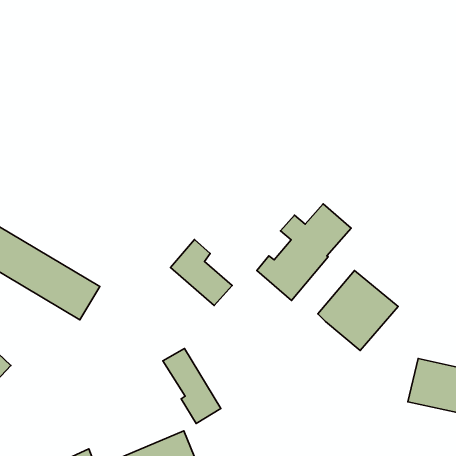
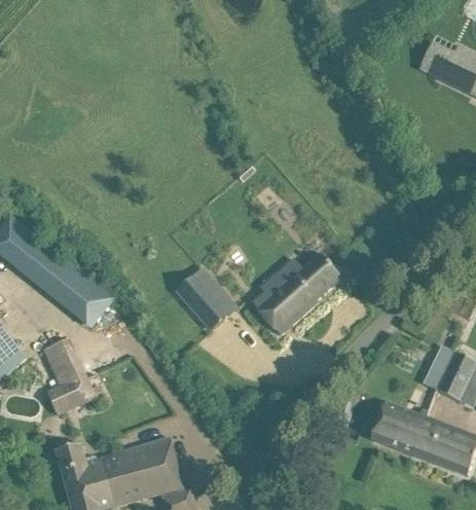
building: [318,270,398,351] -> none
building: [163,348,221,424] -> [48,339,94,407]

